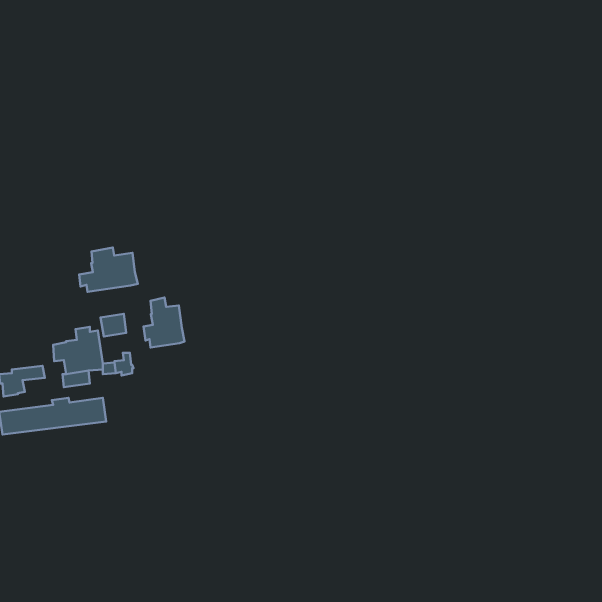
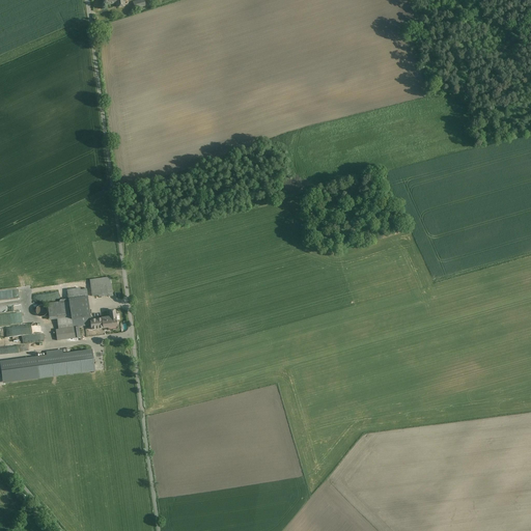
building: [79,247,138,292] -> none
building: [144,298,185,347] -> none

